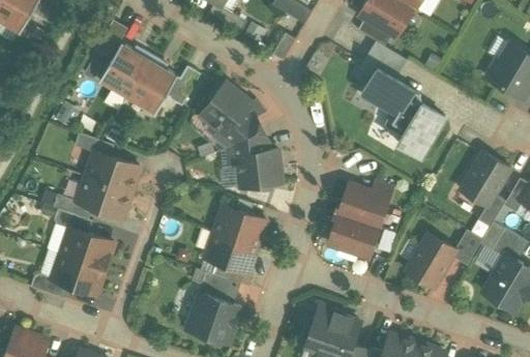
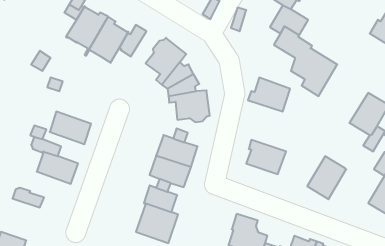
building: [86,151,140,191] -> none
building: [334,183,388,227] -> [248,78,290,112]
building: [451,230,482,265] -> none
building: [52,252,105,294] -> none

